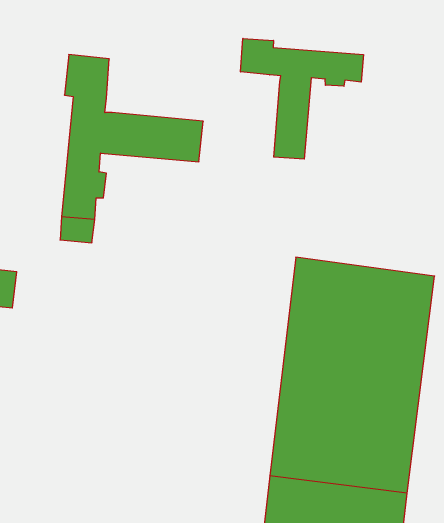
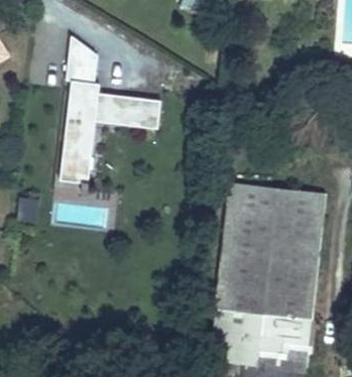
building: [241,38,363,159] -> none

